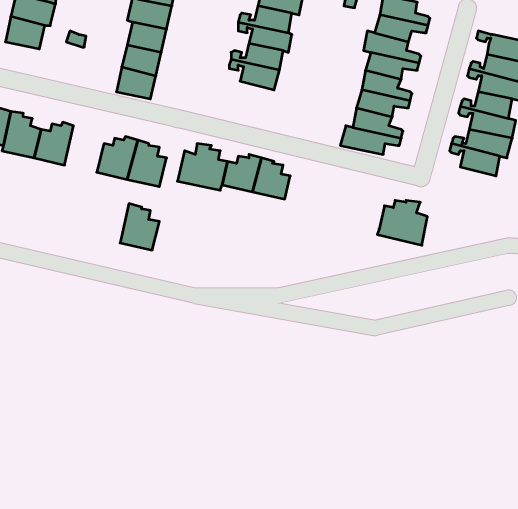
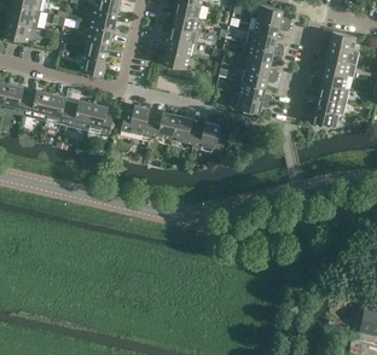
building: [377,200,427,245] -> [192,123,226,153]
building: [120,204,159,250] -> [45,93,71,124]

